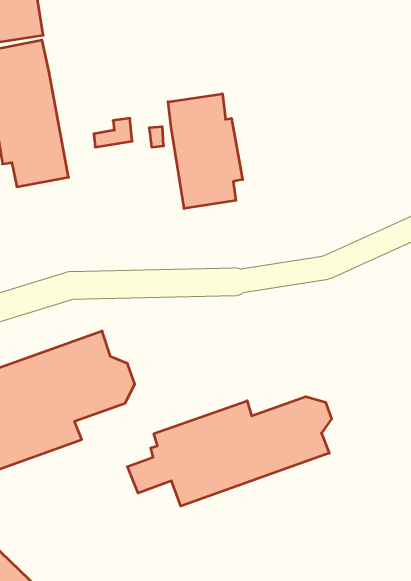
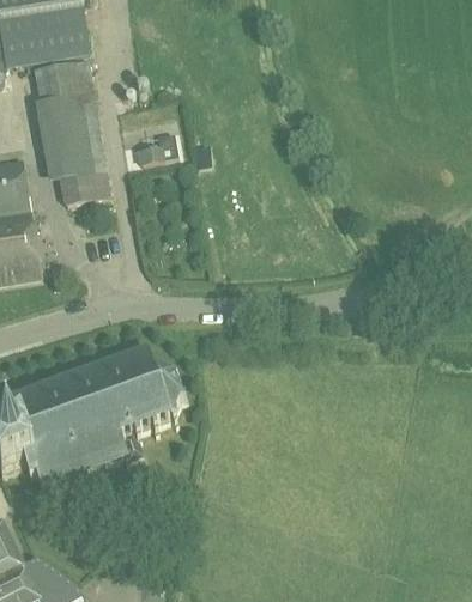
building: [168,94,243,209] -> none
building: [127,397,332,506] -> none

